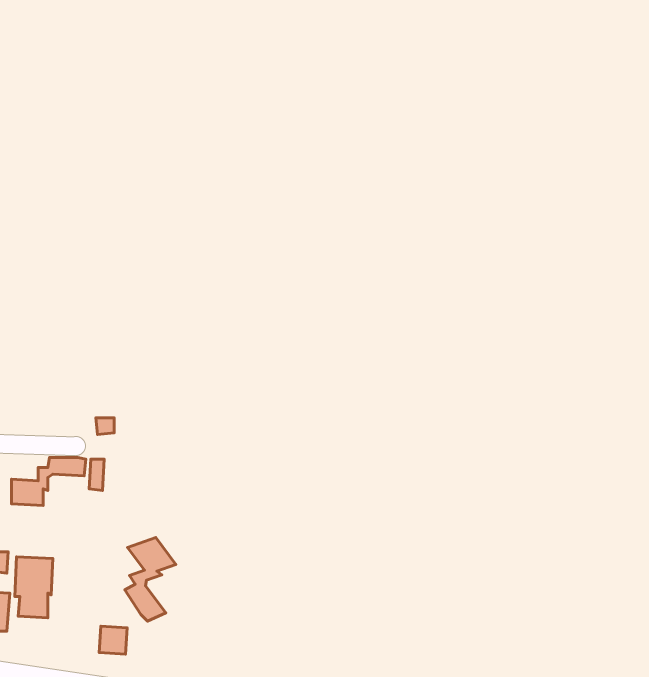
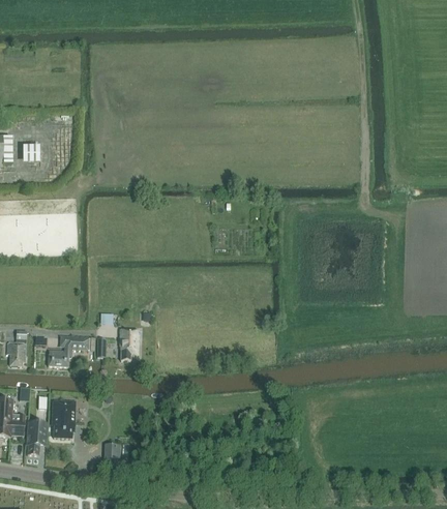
building: none -> [119,329,137,360]
building: [125,537,176,621] -> none

